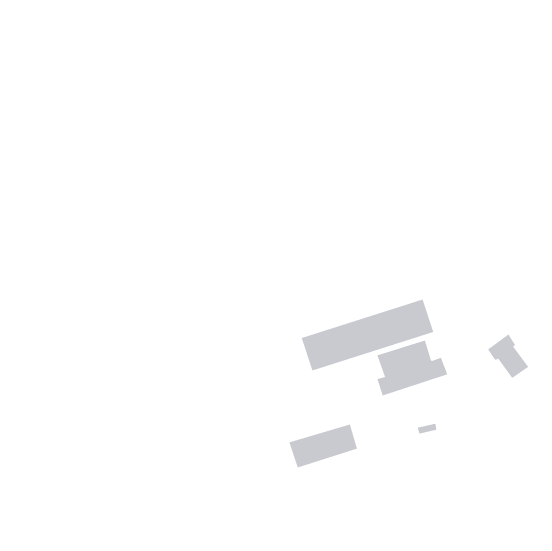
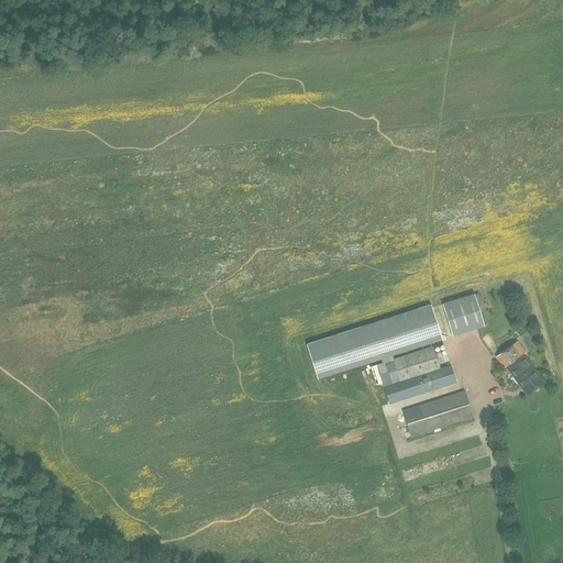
building: none -> [441,292,483,334]
building: [289,424,358,468] -> [401,390,472,435]

